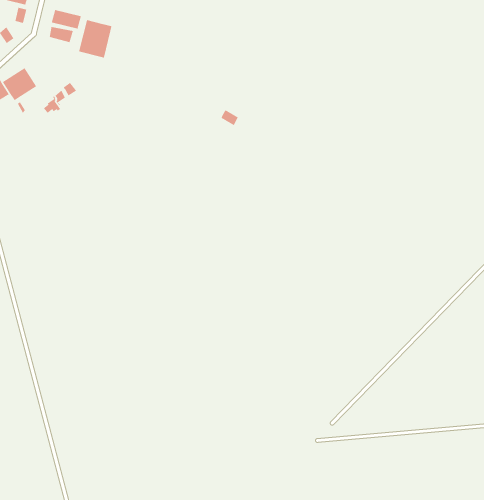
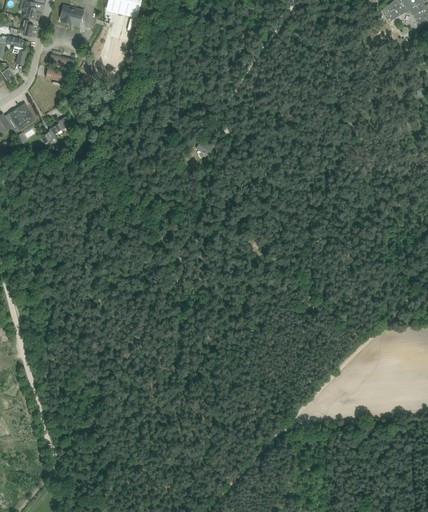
building: [78,19,113,58] -> none

